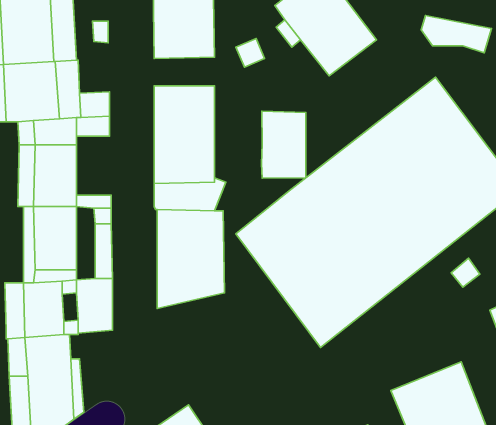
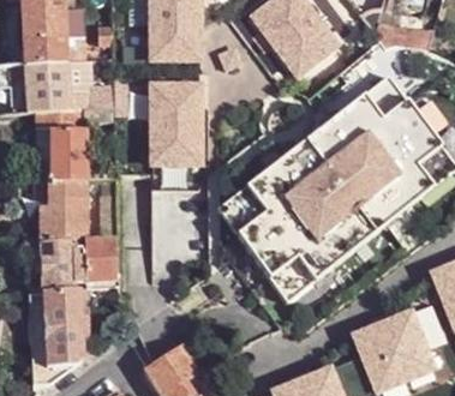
building: [262,111,306,178] -> none

